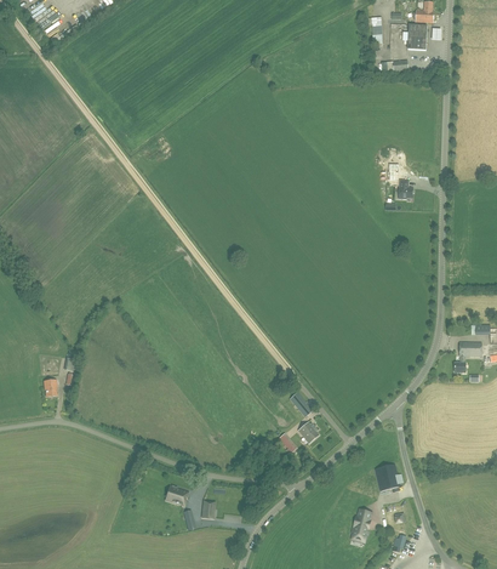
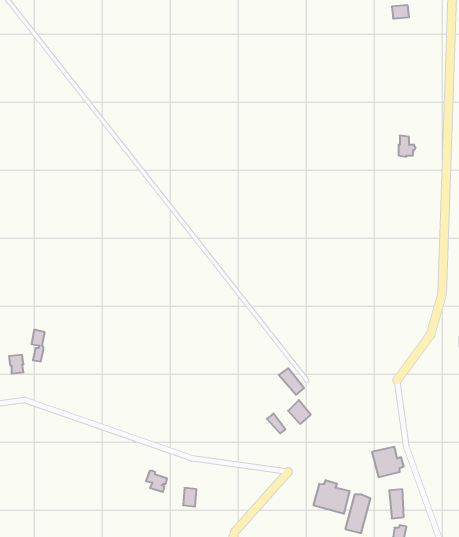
building: none -> [314,480,350,514]

